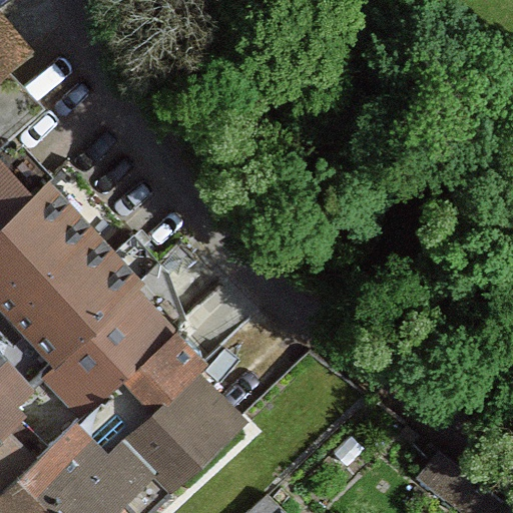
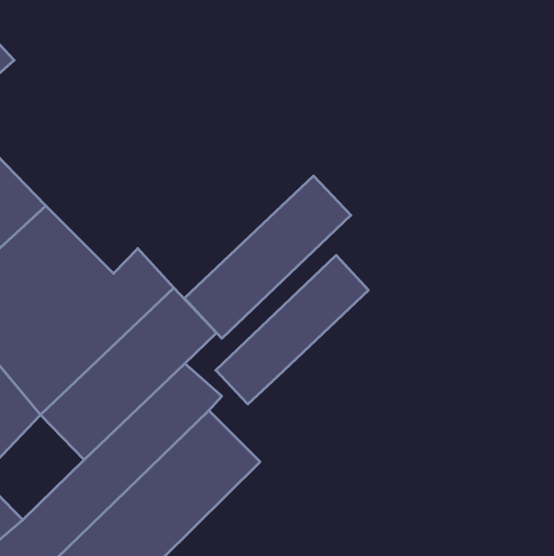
building: none -> [184,176,351,338]
building: none -> [216,255,368,404]

